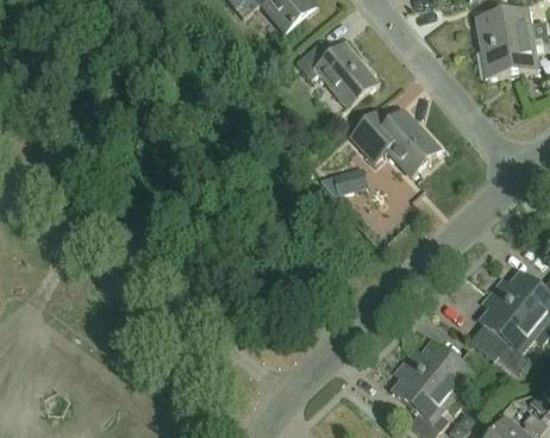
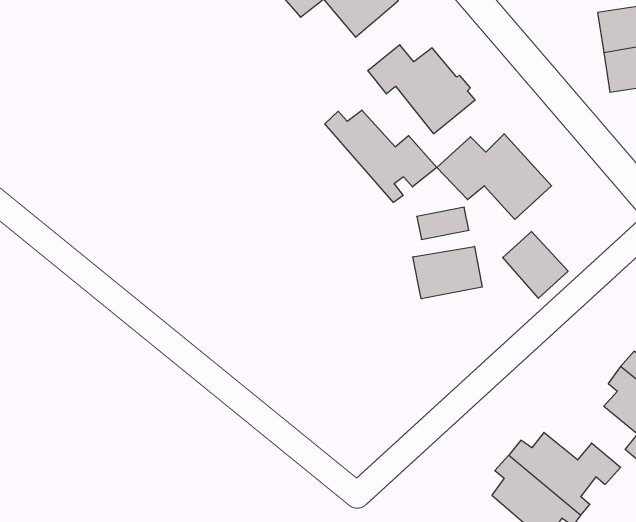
building: none -> [325,110,437,202]
building: none -> [503,231,568,298]
building: none -> [413,246,482,299]

